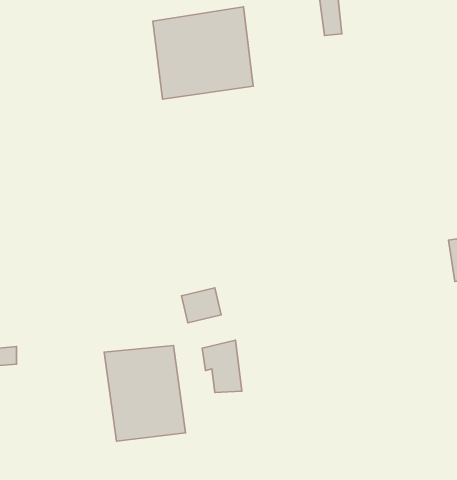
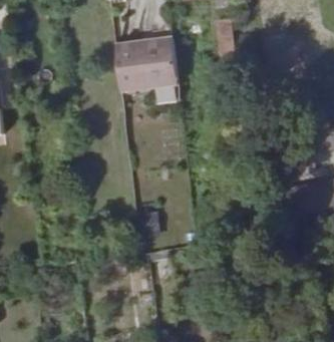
building: [104,345,185,441] -> none

